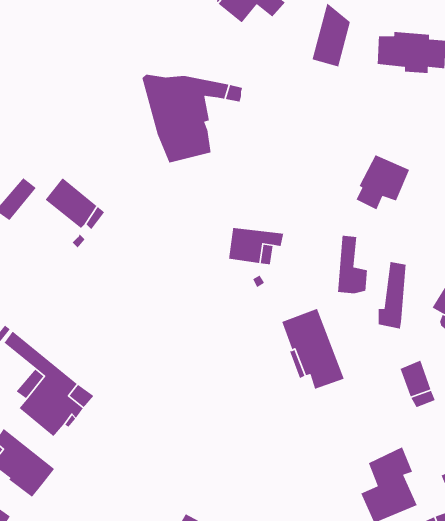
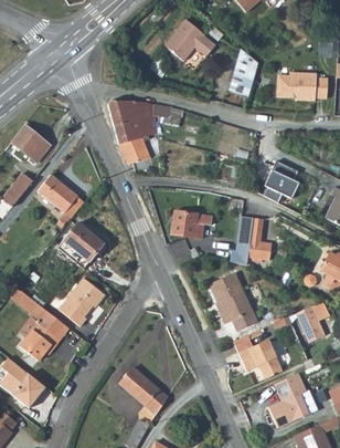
building: none -> [11,126,50,164]
building: none -> [57,222,103,268]
building: [378,261,407,329] -> [233,215,254,264]
building: none -> [57,280,105,329]
building: none -> [236,338,279,377]
building: none -> [119,367,168,415]

